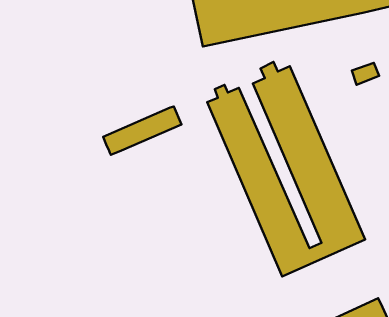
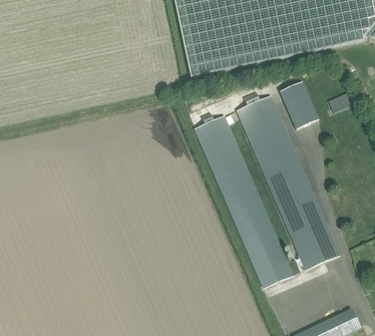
building: none -> [280,81,319,128]
building: [103,106,181,155] -> none

